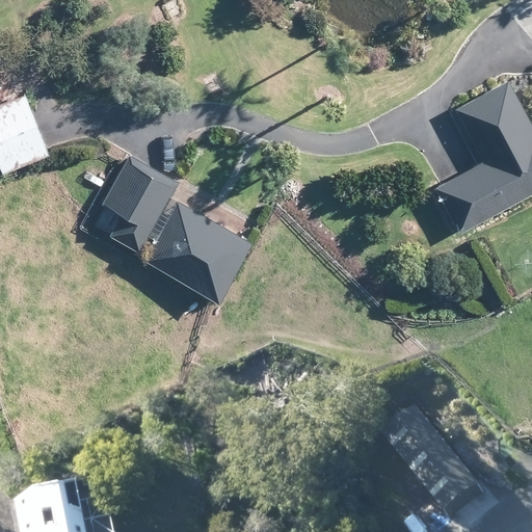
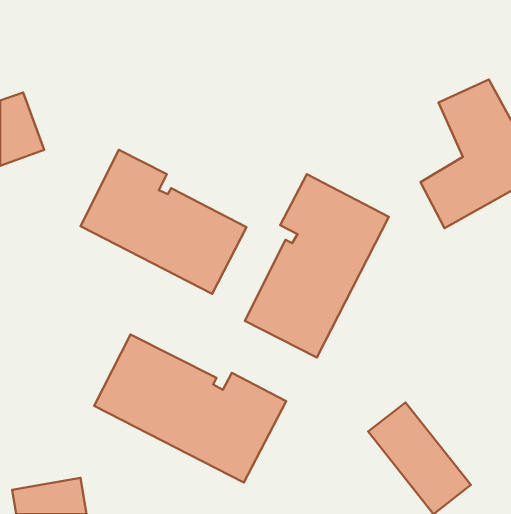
building: none -> [245,174,389,358]
building: none -> [94,335,286,482]

